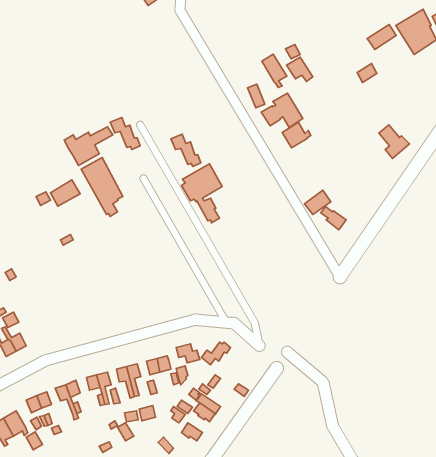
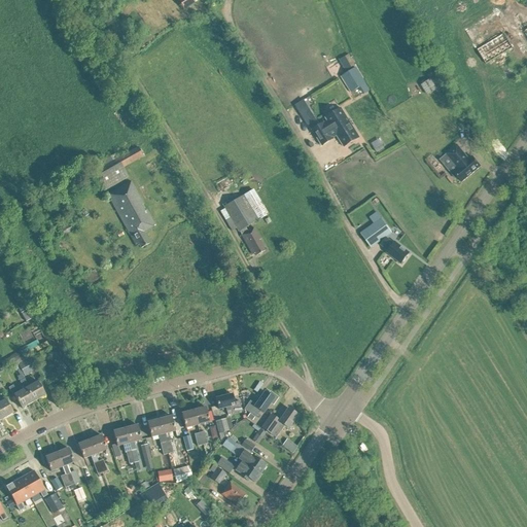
building: [367,25,396,50] -> none
building: [262,54,287,87] -> none
building: [110,118,140,149] -> none
building: [282,122,311,148] -> none
building: [171,134,201,167] -> none
building: [50,180,80,206] -> none
building: none -> [261,407,297,435]

